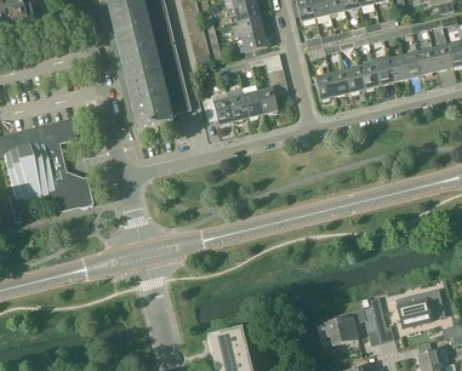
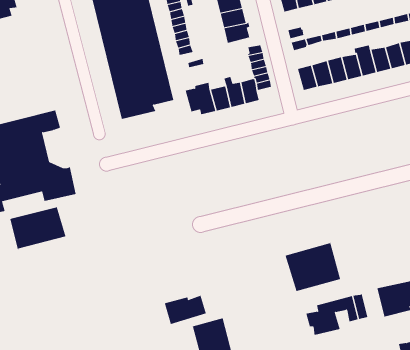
building: none -> [9,206,66,251]
building: none -> [285,240,341,292]
building: none -> [164,295,206,325]

